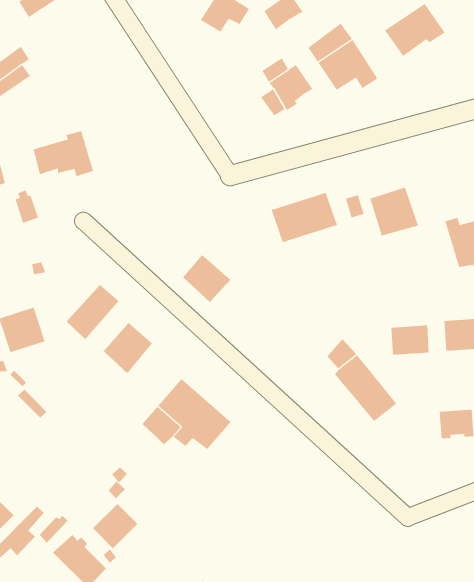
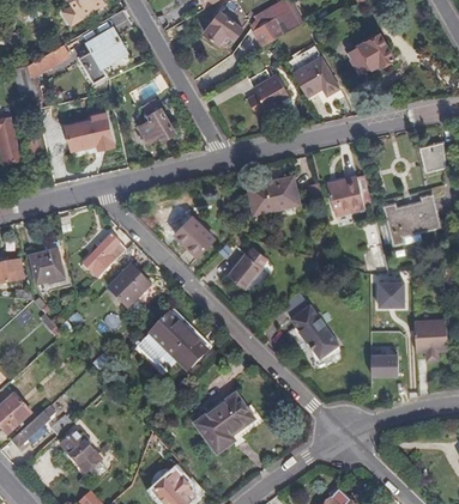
building: none -> [80,28,127,85]
building: none -> [140,102,175,142]
building: none -> [228,248,262,287]
building: [391,325,429,356] -> none
building: none -> [195,395,253,454]
building: [92,503,138,549] -> none

